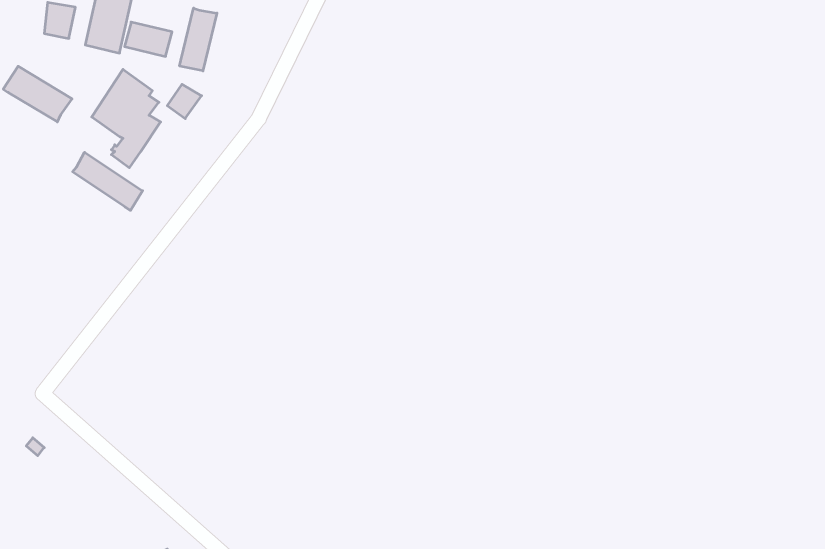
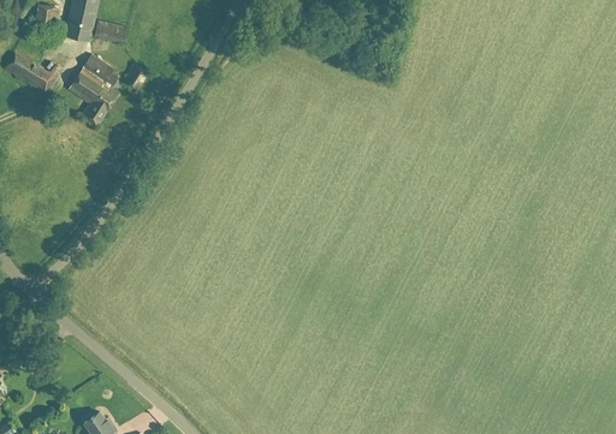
building: [180,8,217,71] -> none
building: [73,152,143,210] -> none

